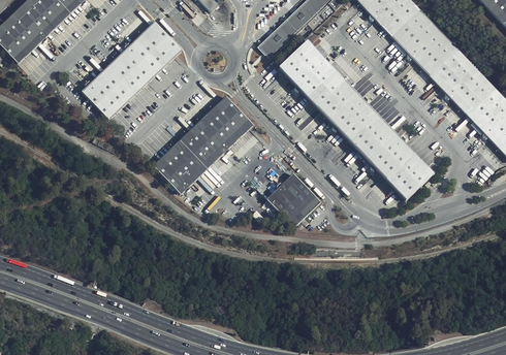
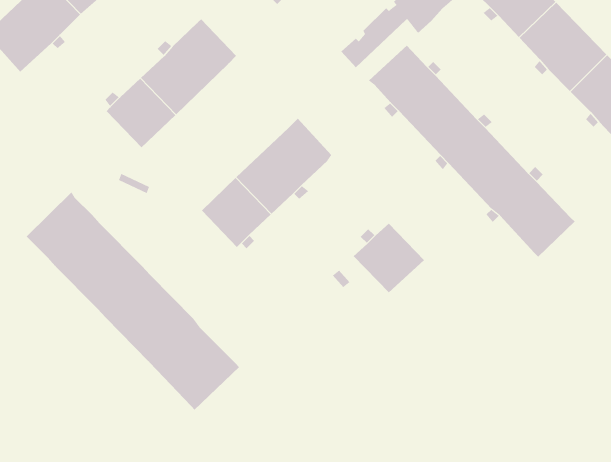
building: none -> [26,192,240,411]

